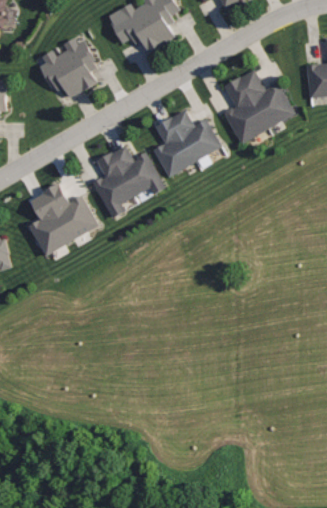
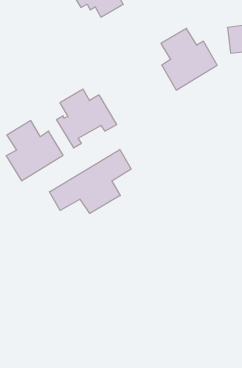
building: [38,38,96,97] -> none
building: [153,108,221,176] -> none
building: none -> [49,149,131,213]

